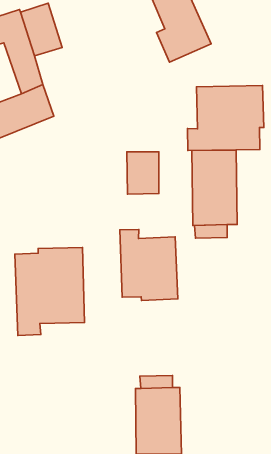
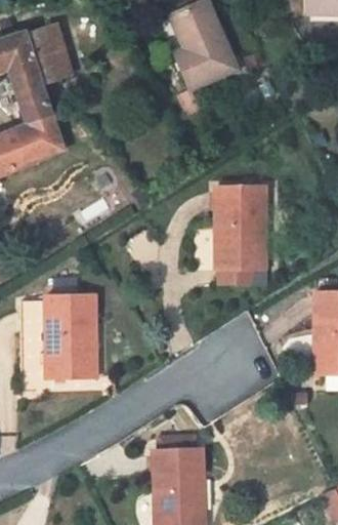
building: [188,85,264,150] -> none
building: [127,152,159,194] -> none
building: [120,229,178,301] -> none

